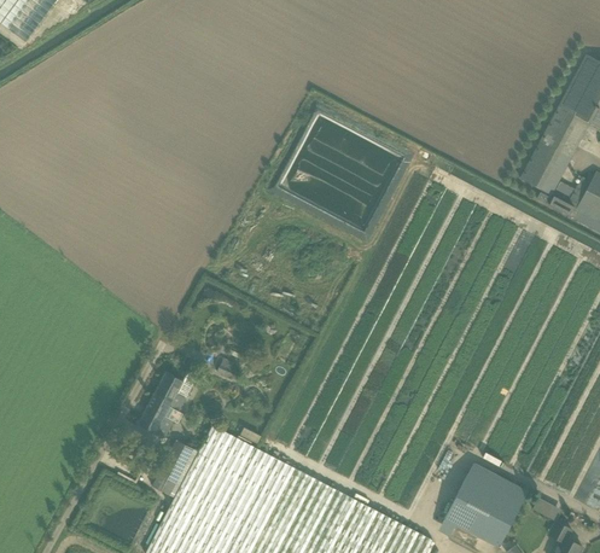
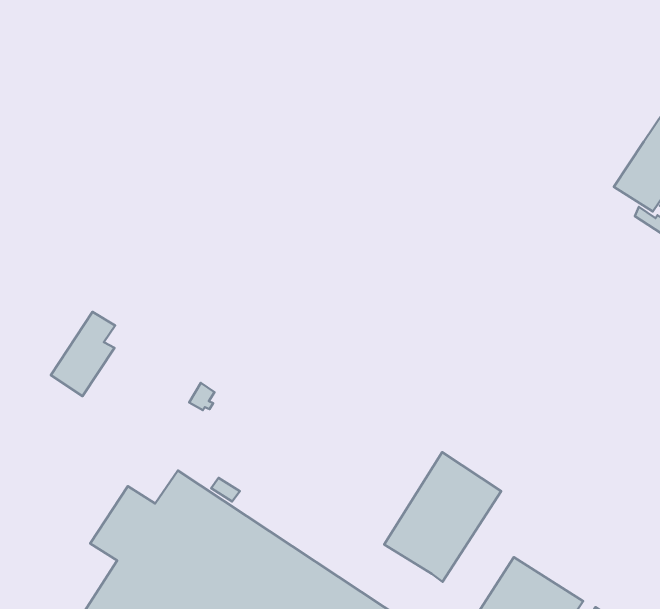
building: [140,373,186,437] -> [51,312,115,396]
building: none -> [384,452,501,582]

